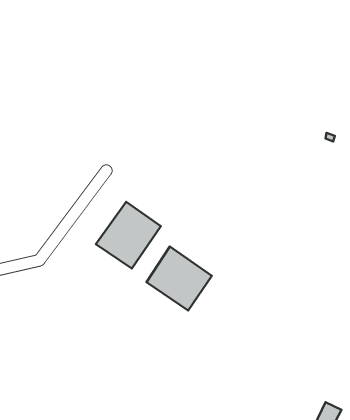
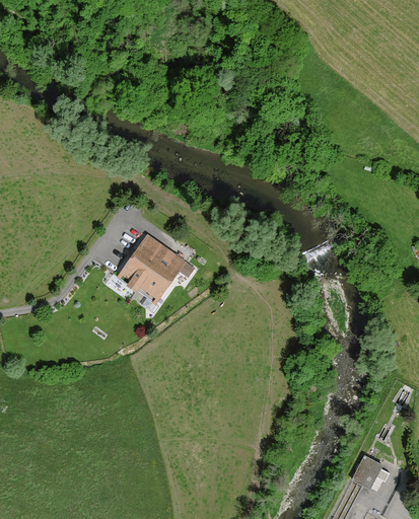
building: [147,247,212,310] -> none

